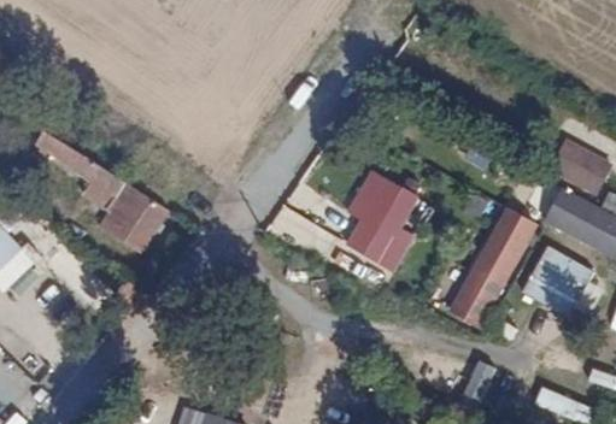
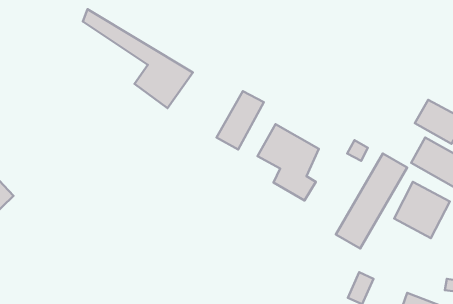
building: none -> [217,91,264,150]
building: [35,130,176,257] -> [83,9,193,108]

